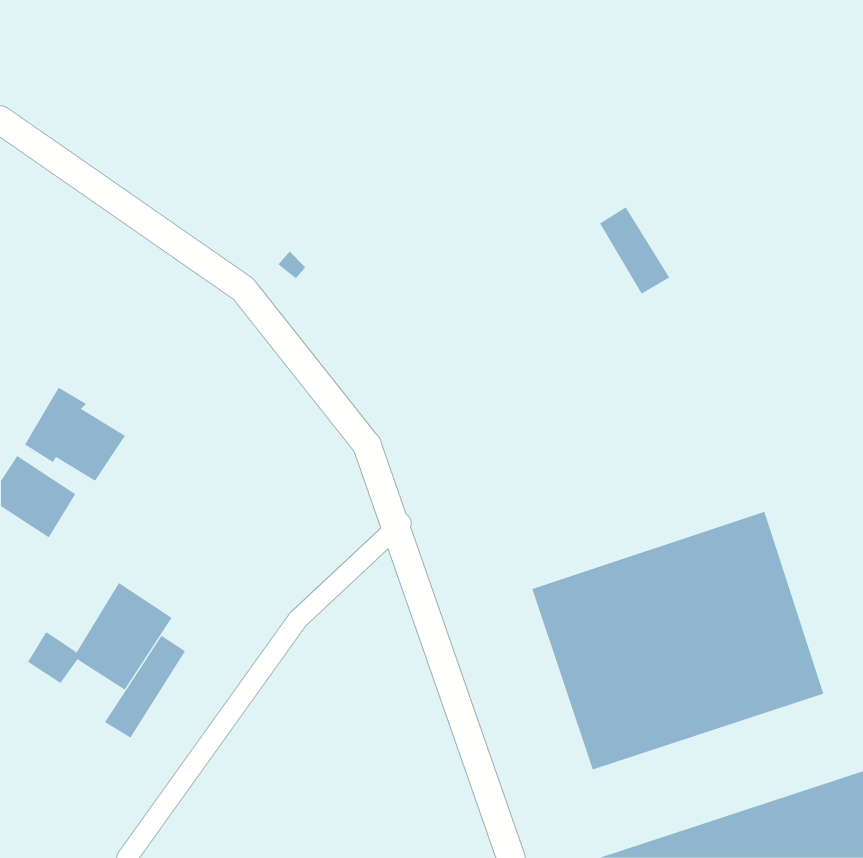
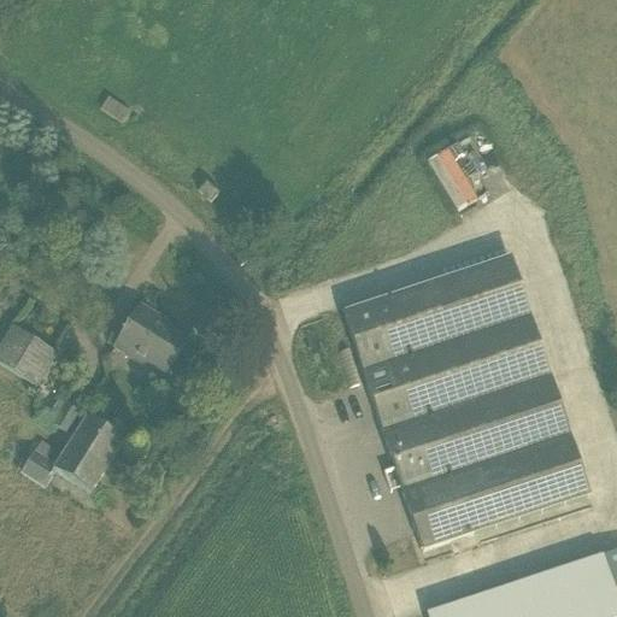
building: none -> [343,255,546,419]
building: [24,387,126,482] -> [116,304,188,371]
building: [104,635,186,738] -> none

